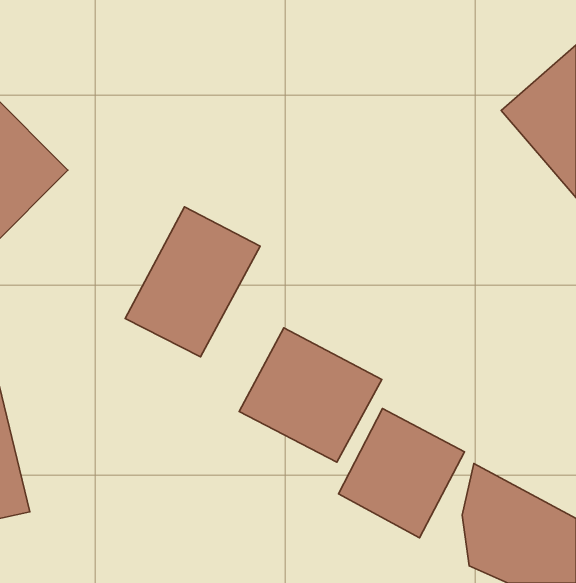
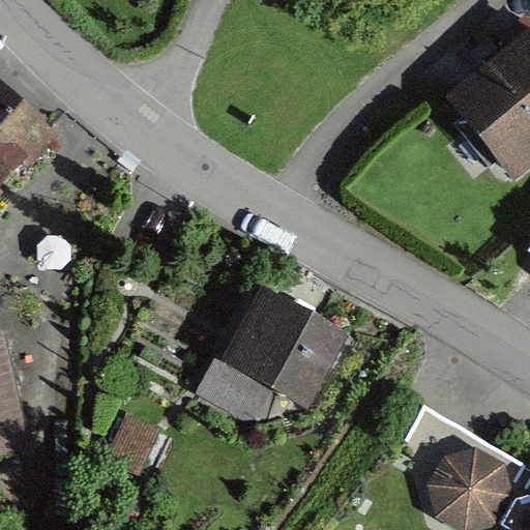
building: [125,207,260,357] -> none
building: [338,409,464,538] -> none

